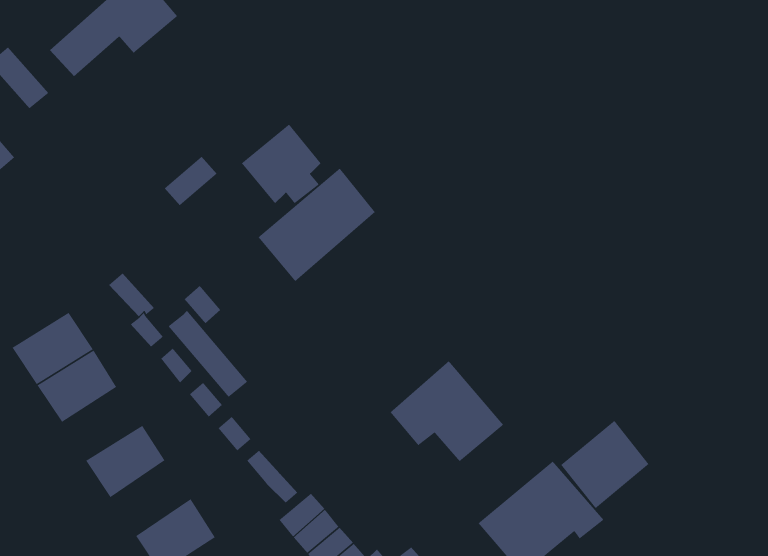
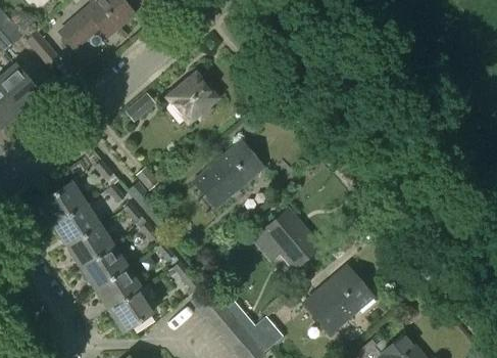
building: [258,167,376,282] -> [195,141,262,207]
building: none -> [67,225,113,267]
building: [560,420,650,509] -> none
building: none -> [95,267,141,310]

